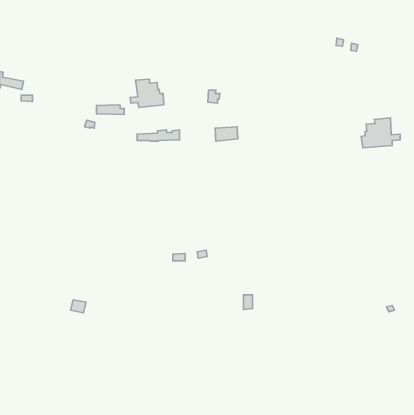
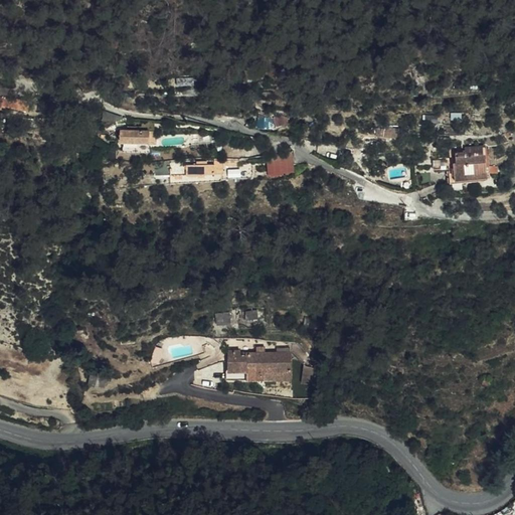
building: [130,79,164,107] -> none
building: none -> [228,351,291,379]

